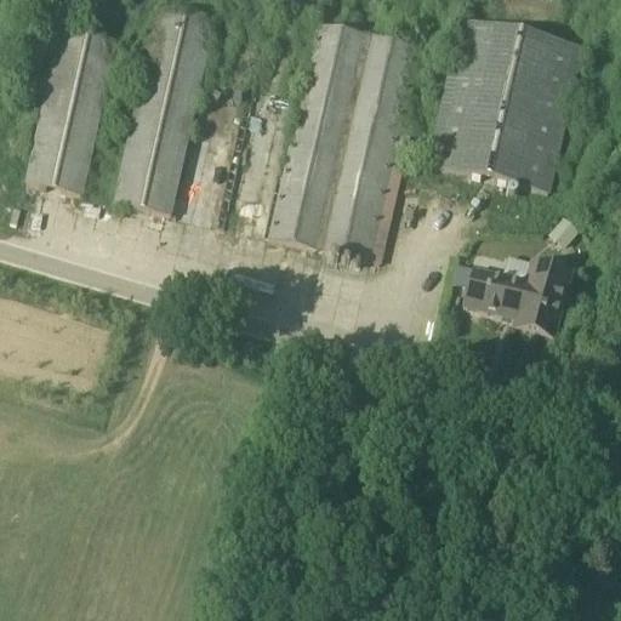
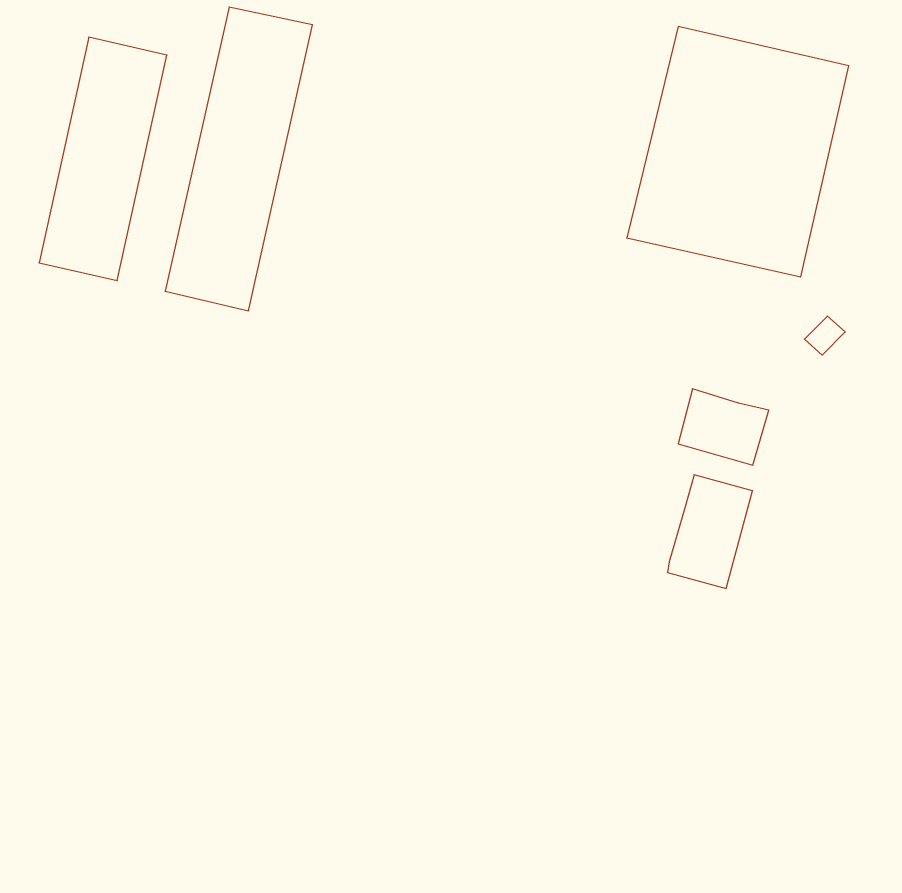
building: [273,19,421,257] -> none
building: [517,258,575,336] -> [667,475,753,588]

